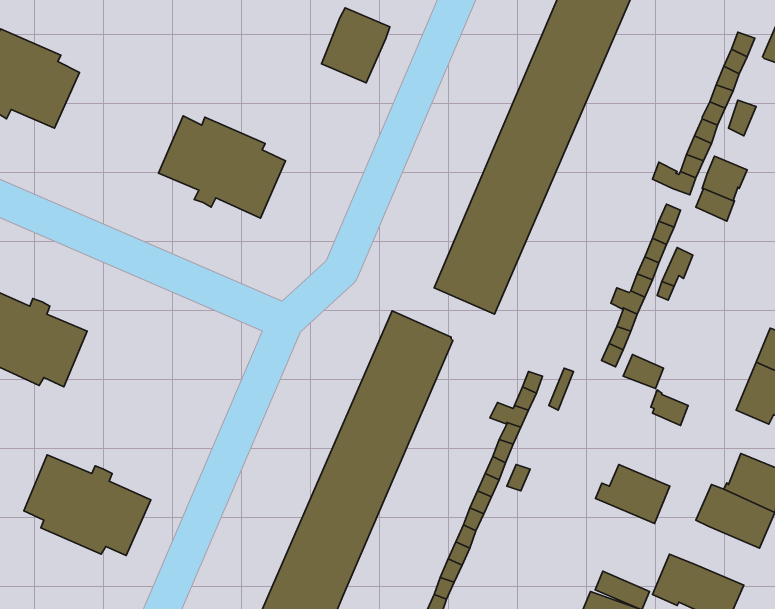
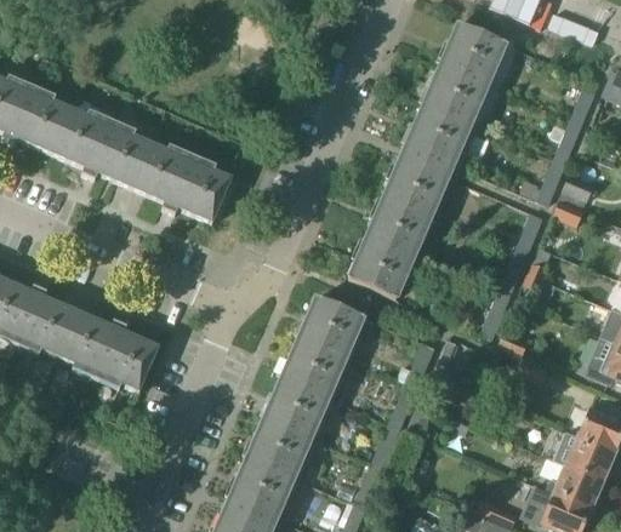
building: [321,8,390,83] -> none
building: none -> [52,103,153,188]
building: [24,455,151,556] -> [59,311,159,390]
building: [596,465,670,523] -> [546,464,604,510]

